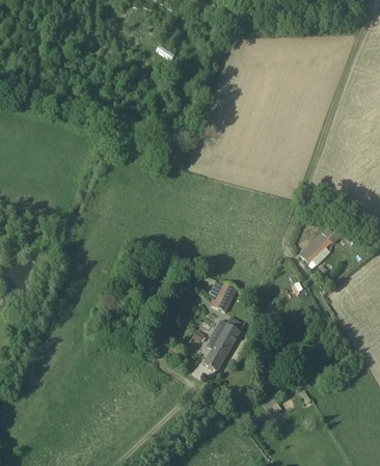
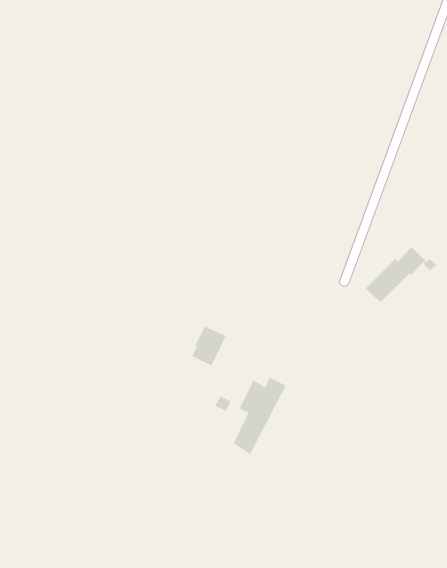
building: [212,282,237,311] -> [192,326,226,366]

